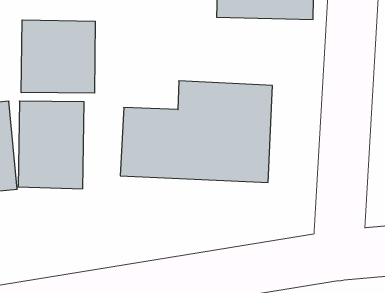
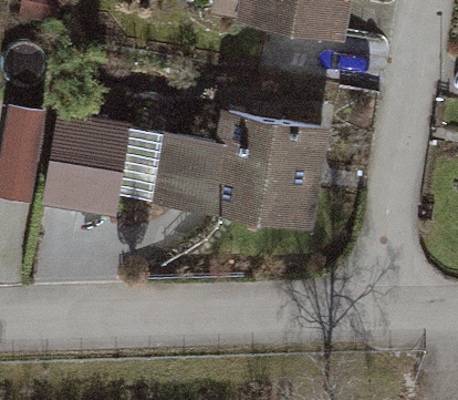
building: [21,20,95,93] -> none

